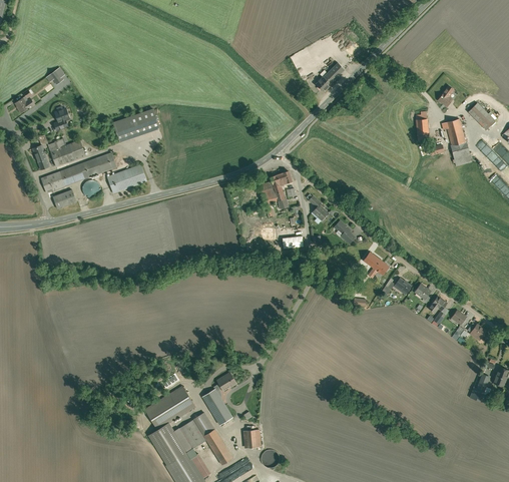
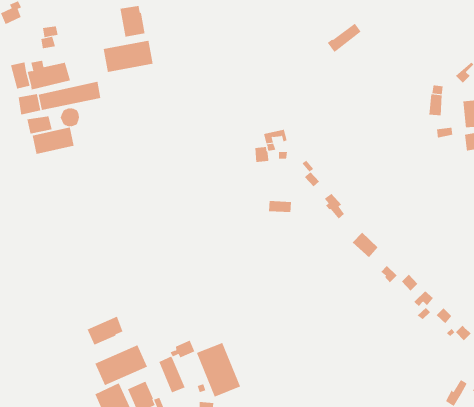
building: none -> [120,5,145,38]
building: [107,163,147,193] -> [32,127,74,155]
building: none -> [87,316,123,345]
building: none -> [196,342,241,398]

